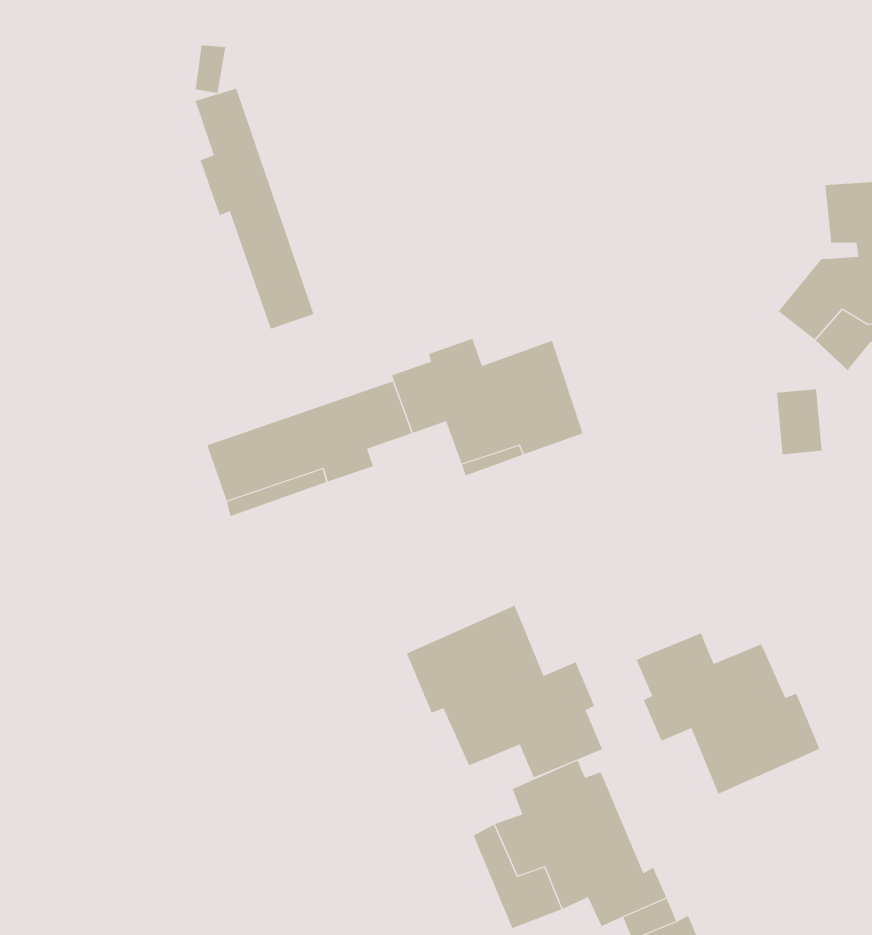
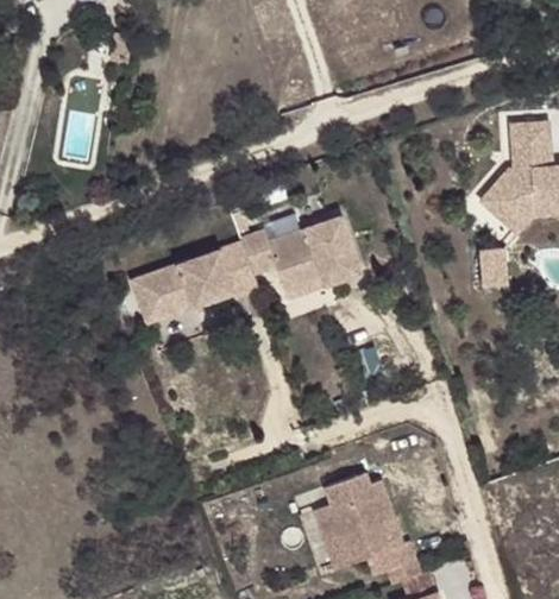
building: [195,88,314,330] -> none
building: [406,605,603,778] -> none
building: [636,632,820,795] -> none

